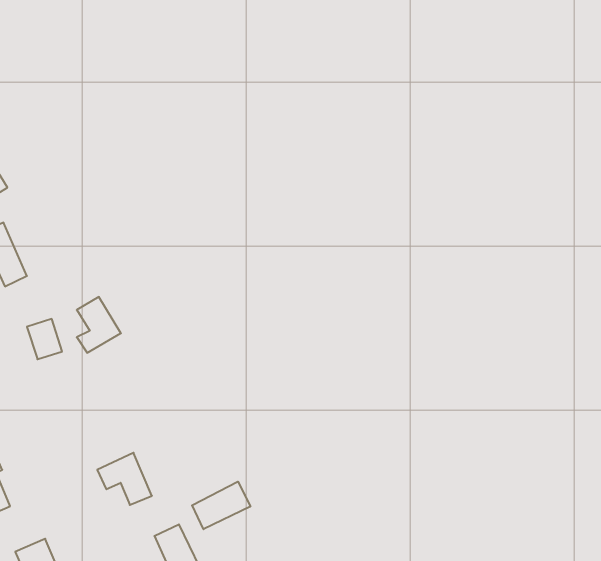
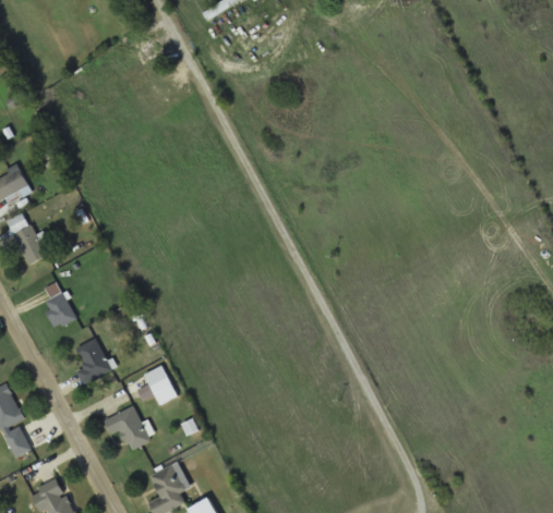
building: [77,297,121,353] -> [75,338,112,384]
building: none -> [148,376,179,406]
building: [192,482,250,529] -> none

